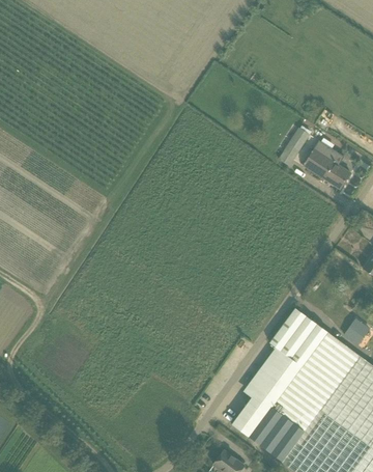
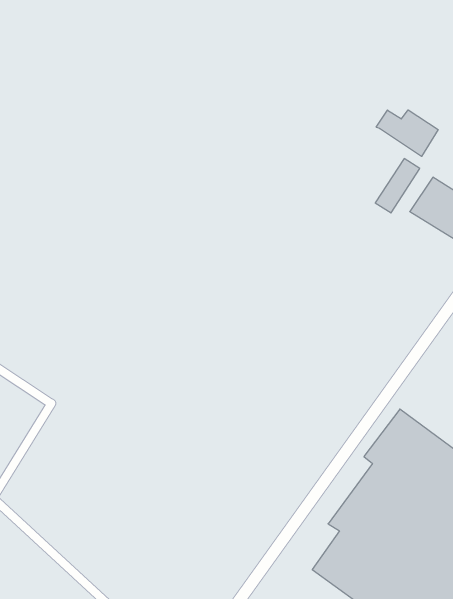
building: none -> [376,110,438,156]

